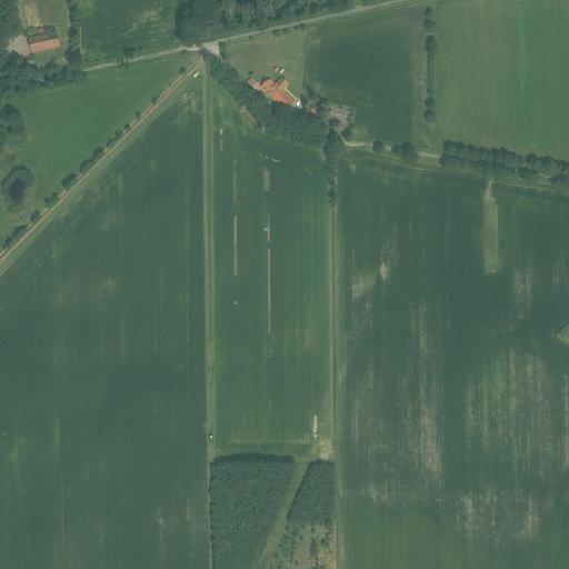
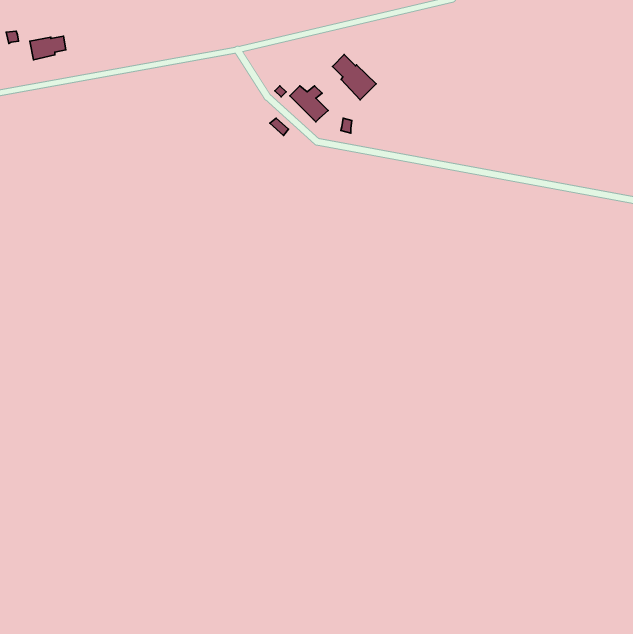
building: none -> [333,54,376,100]

